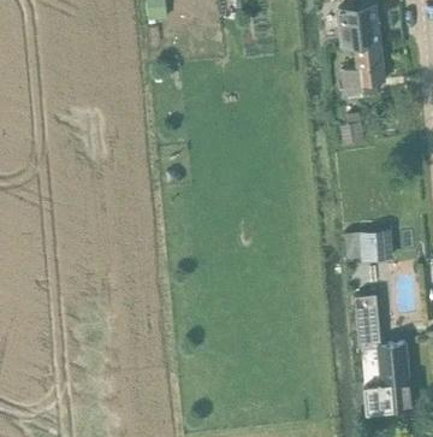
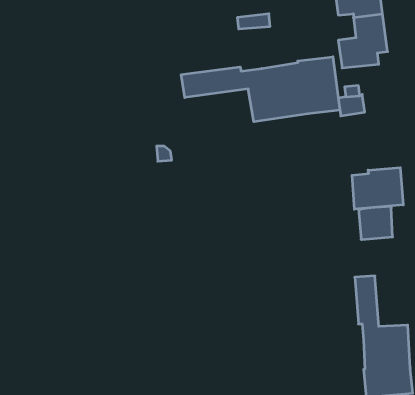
building: none -> [181,57,340,122]
building: none -> [352,168,403,209]

